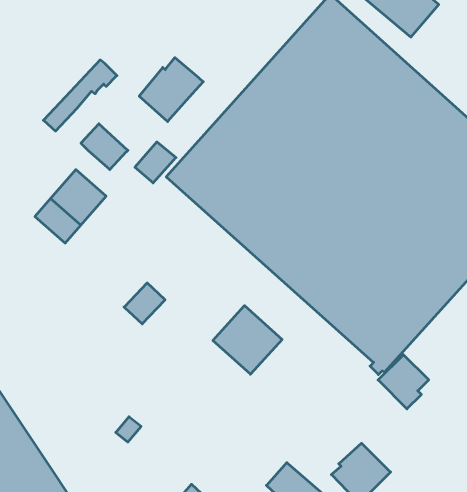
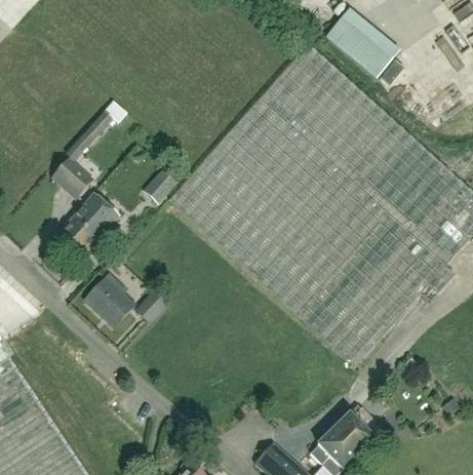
building: [139,58,203,122] -> none
building: [81,124,128,170] -> [52,160,92,199]
building: none -> [84,272,134,326]
building: [213,306,282,374] -> none
building: [378,355,429,409] -> [336,404,379,450]

